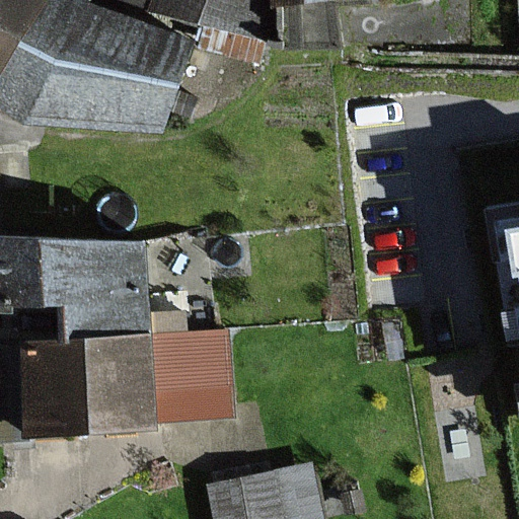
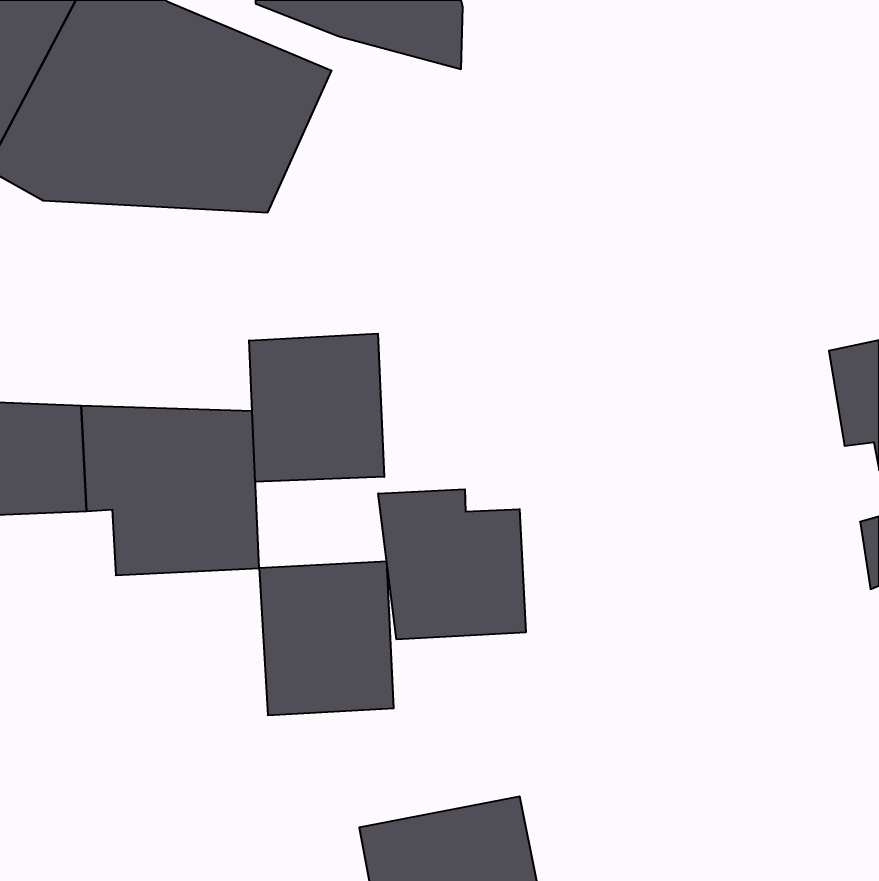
building: none -> [249,334,384,482]
building: none -> [378,489,526,639]
building: [22,335,157,435] -> none

